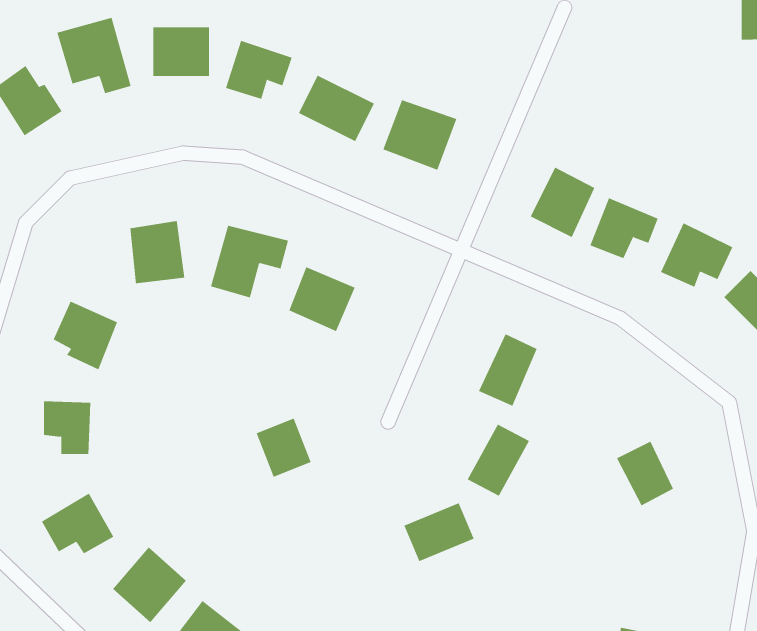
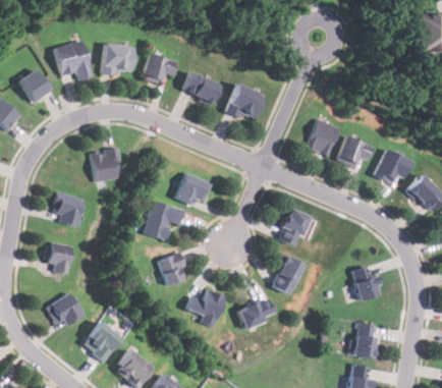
building: [210,225,289,298] -> [143,201,184,239]
building: none -> [185,290,224,327]
building: none -> [353,323,378,357]

